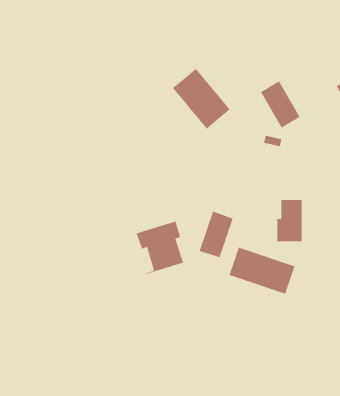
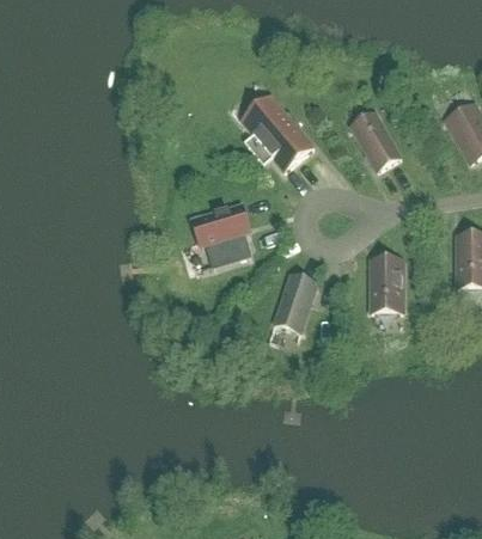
building: [136,221,184,274] -> [191,202,251,269]
building: [229,247,295,295] -> none

